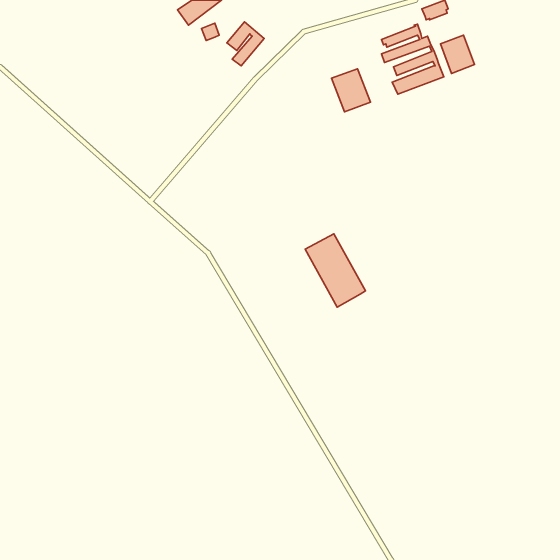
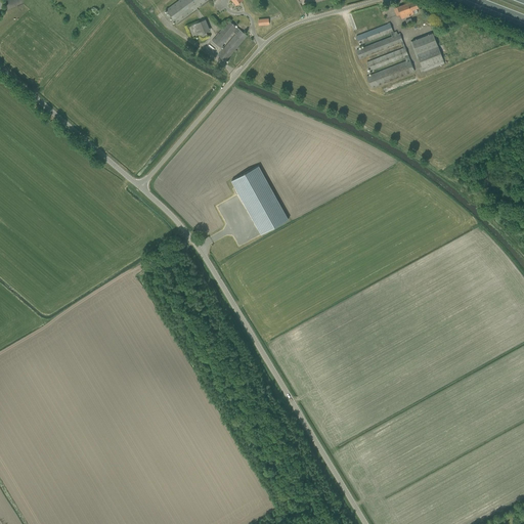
building: [332,69,370,112] -> none
building: [305,234,366,307] -> [231,166,288,234]

